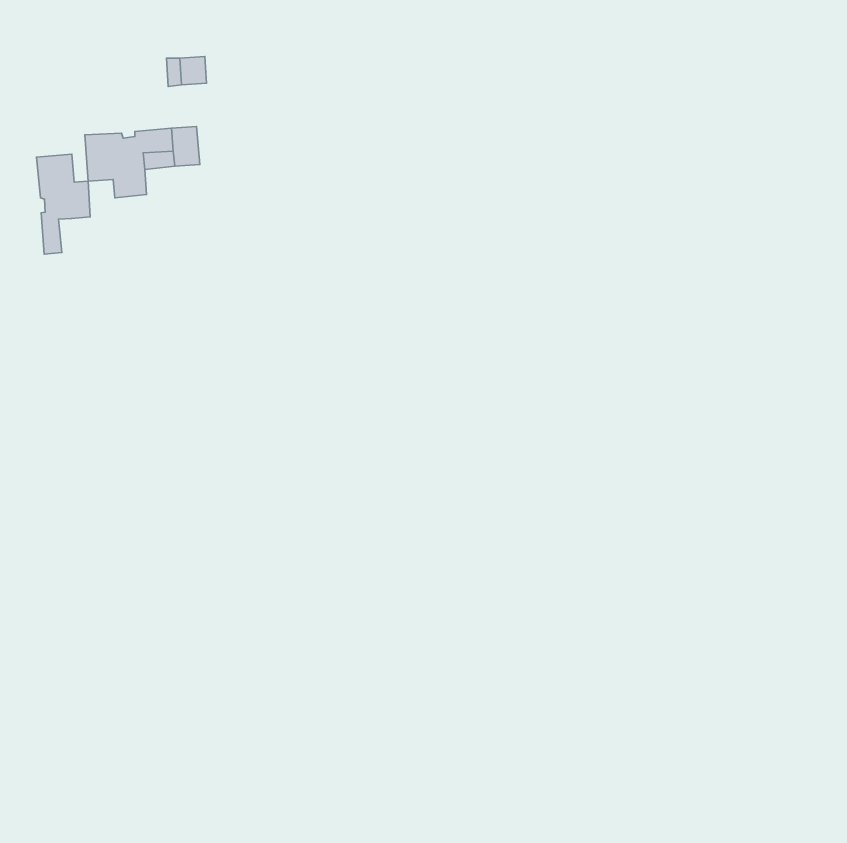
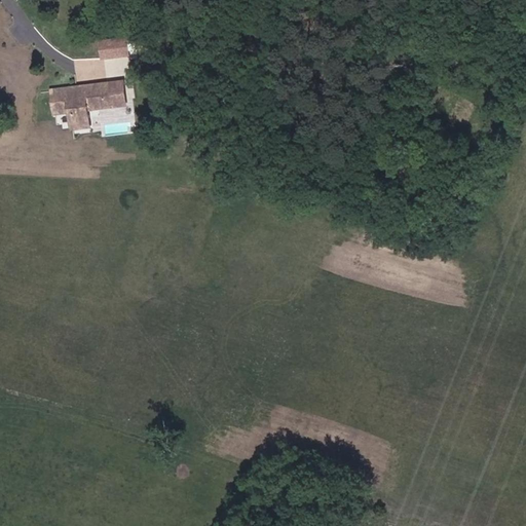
building: [37,154,90,254] -> none

